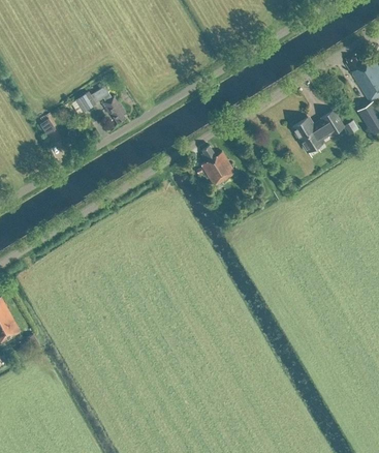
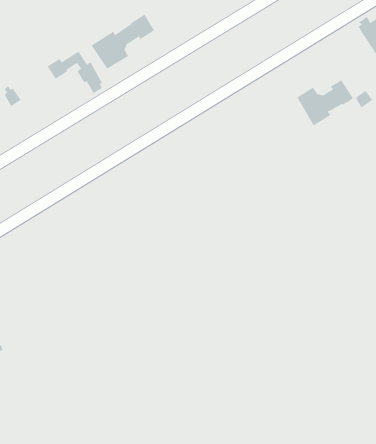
building: none -> [91,14,155,69]
building: [200,145,234,185] -> none

